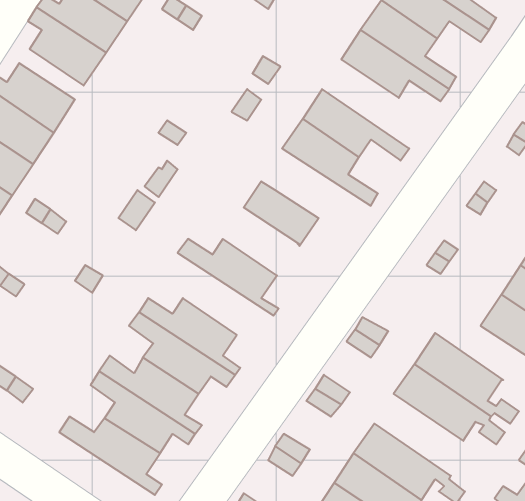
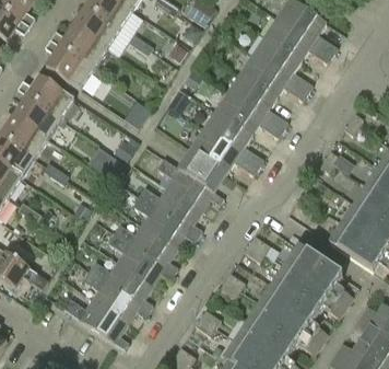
building: none -> [228,73,288,129]
building: none -> [190,129,259,173]
building: none -> [156,157,224,209]
building: none -> [132,195,198,246]
building: none -> [261,284,328,341]

